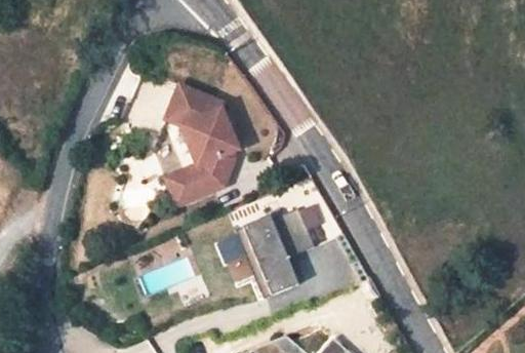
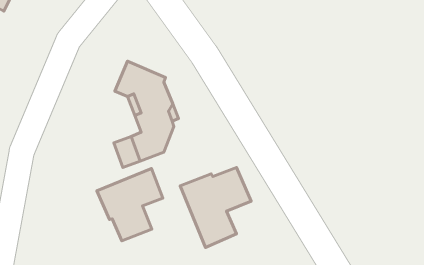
building: none -> [97,168,163,241]

